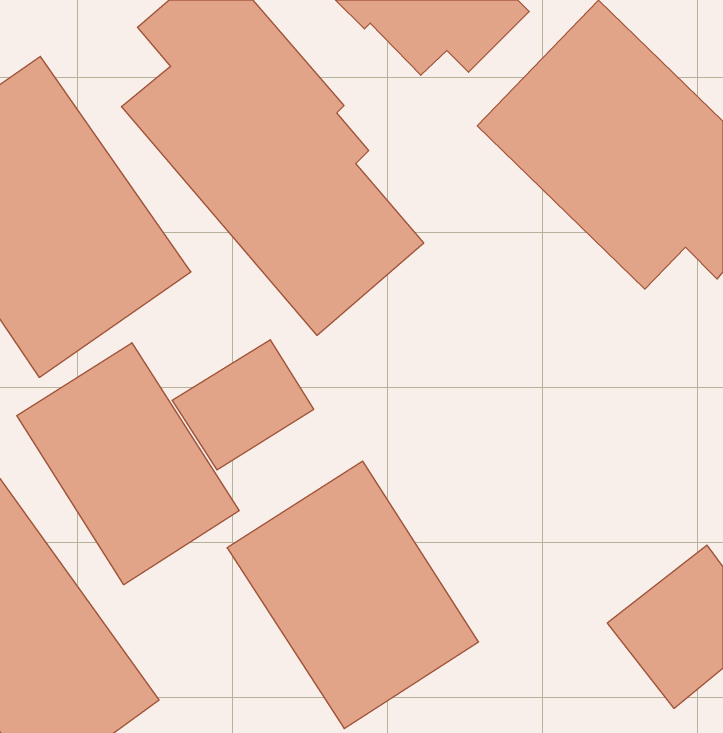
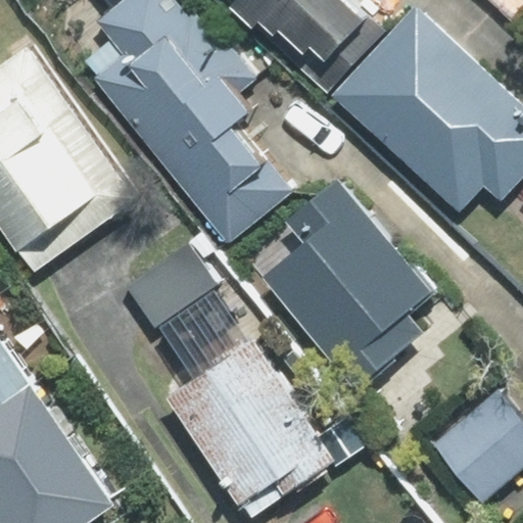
building: none -> [258,178,433,390]
building: [17,343,239,585] -> none

